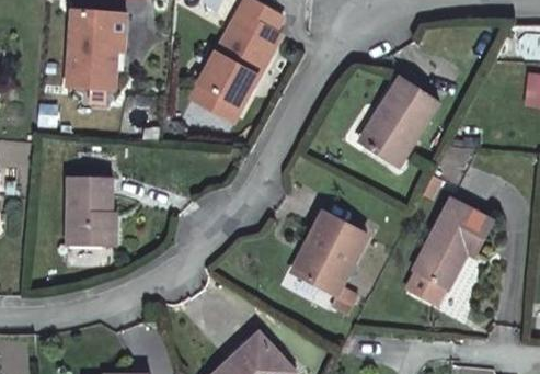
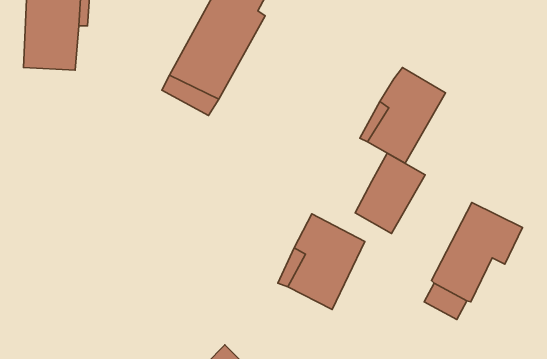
building: none -> [355,153,425,233]
building: [65,178,110,248] -> none

